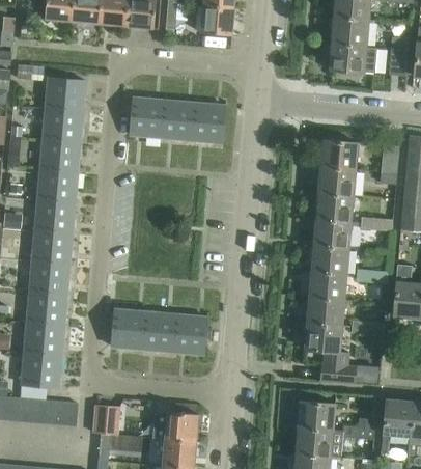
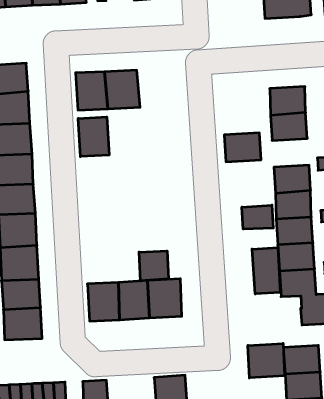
building: [192,103,226,142] -> none
building: none -> [78,117,109,157]
building: [316,192,354,222] -> [224,133,261,162]
building: none -> [242,205,273,229]
building: none -> [139,251,168,281]
building: none -> [252,248,280,294]
building: [22,352,61,387] -> none
building: none -> [248,343,285,378]

